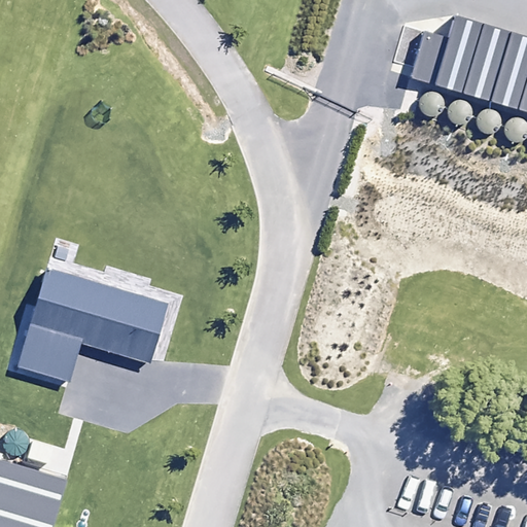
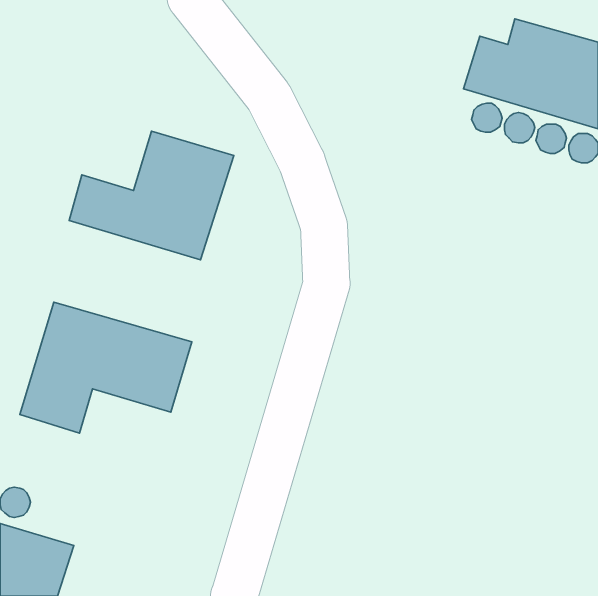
building: none -> [69,131,234,260]

